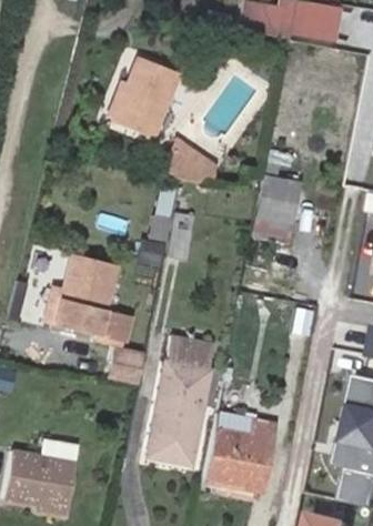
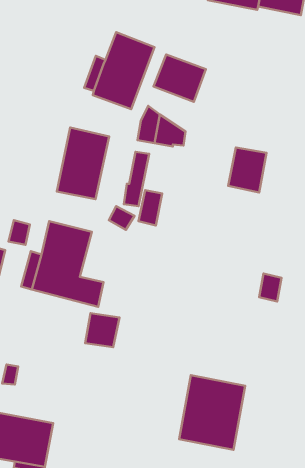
building: none -> [153,54,206,102]
building: none -> [57,128,109,199]
building: [147,337,210,463] -> none

